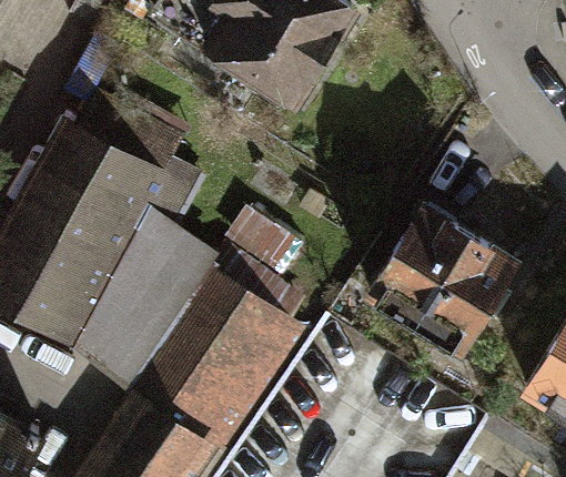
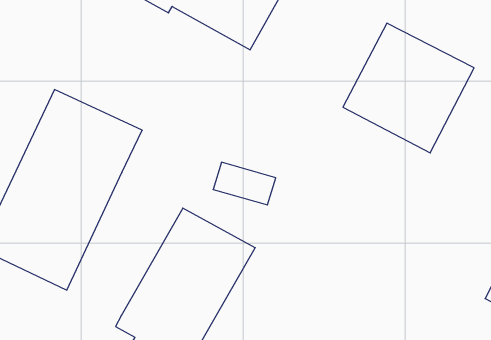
building: [376,207,522,352] -> [343,23,474,153]
building: [82,224,214,379] -> none

